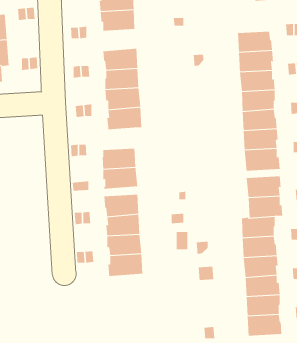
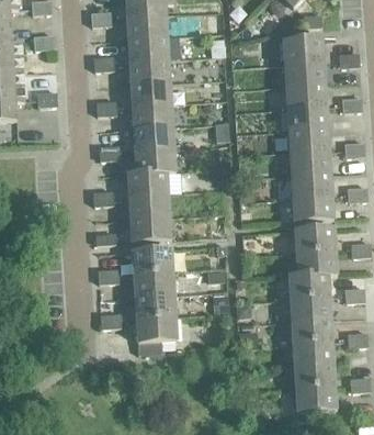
building: none -> [283,38,322,64]
building: none -> [129,59,170,85]
building: none -> [127,172,168,198]

